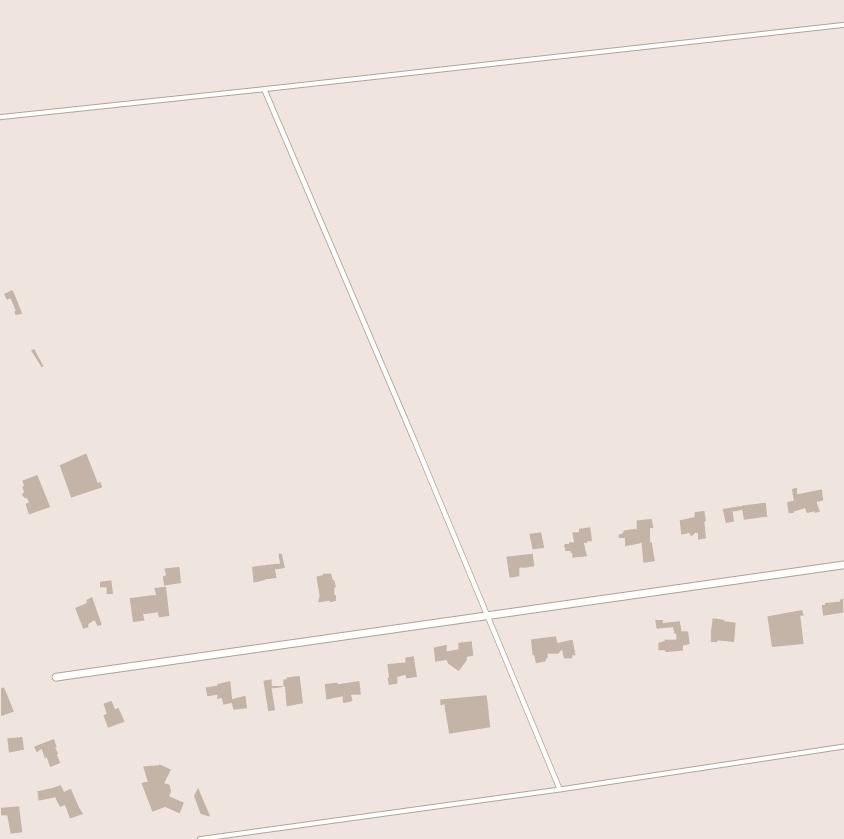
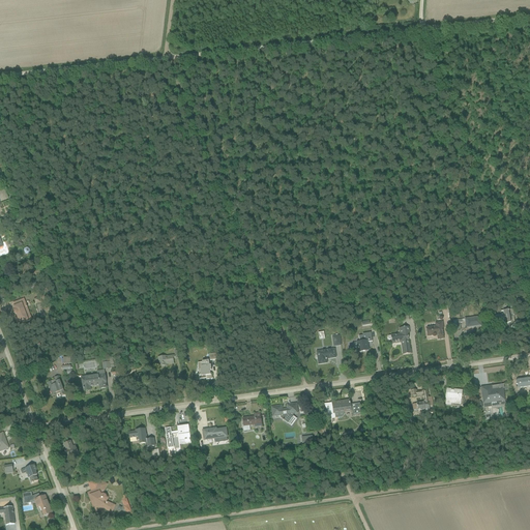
building: [59,453,103,498] -> none
building: [440,694,491,734] -> none

